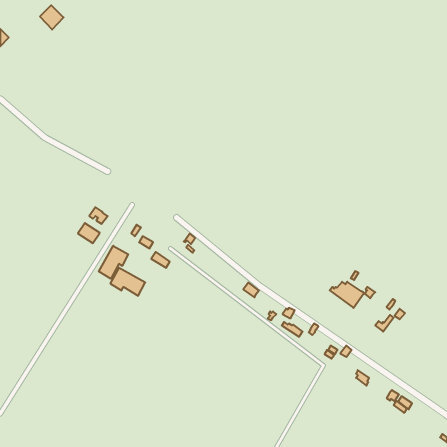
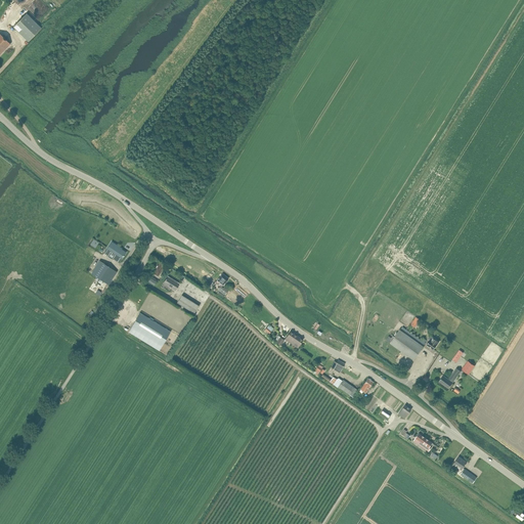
building: [40,5,64,30] -> [13,13,41,42]
building: [99,246,128,279] -> none

